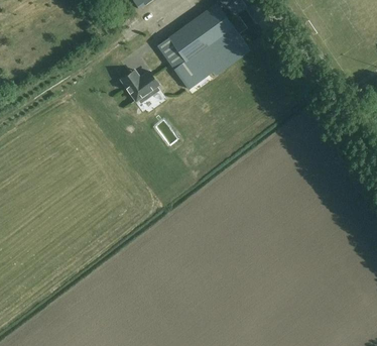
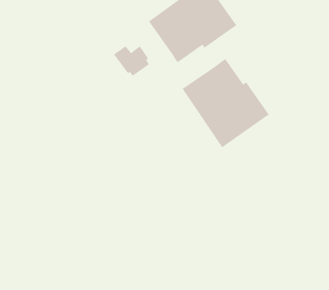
building: none -> [182,58,270,148]

